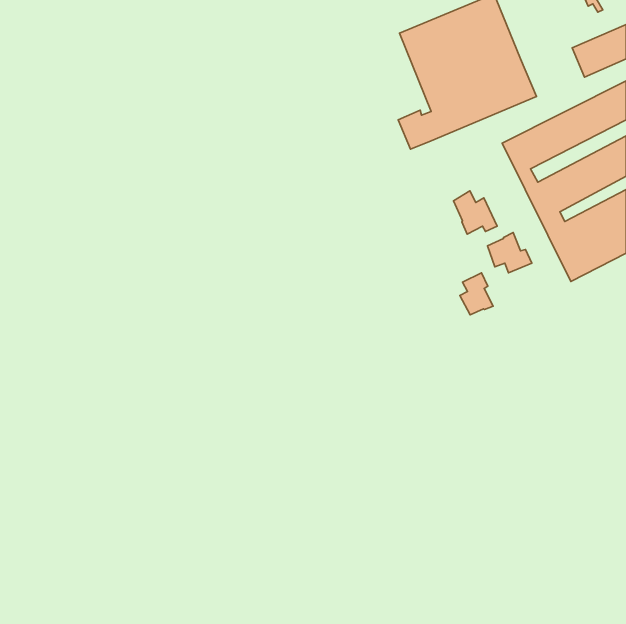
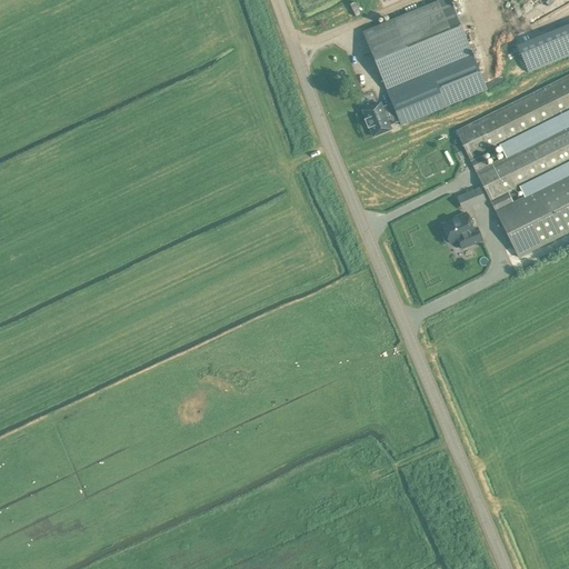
building: [454,191,497,234] -> none
building: [460,273,493,315] -> none

